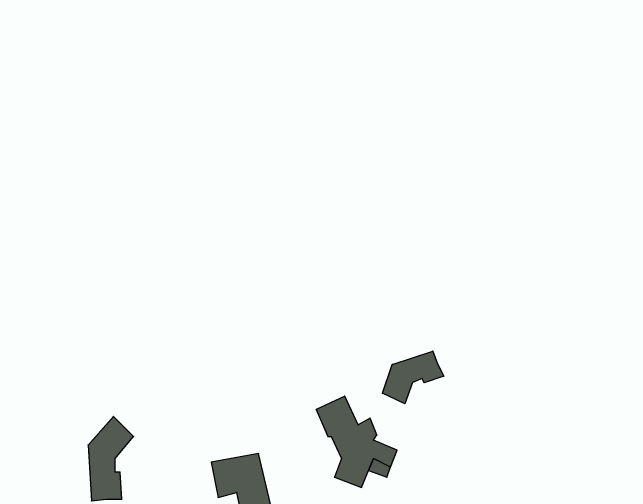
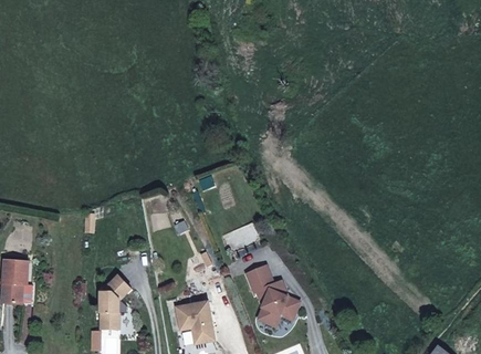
building: [382,351,444,404] -> none

